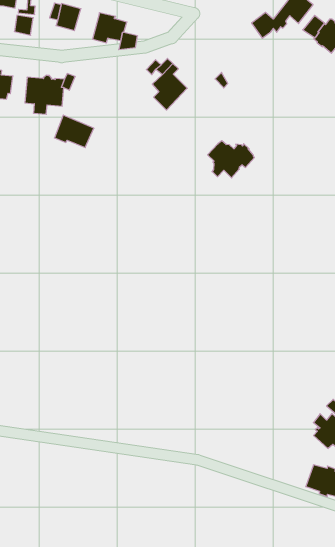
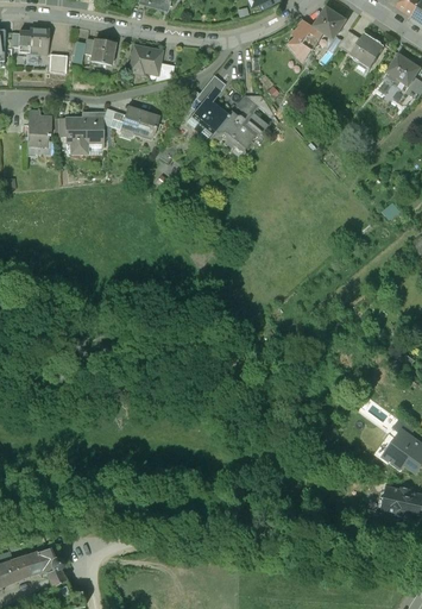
building: [54,115,94,148] -> [120,106,159,137]
building: [208,141,254,178] -> [219,111,266,147]

